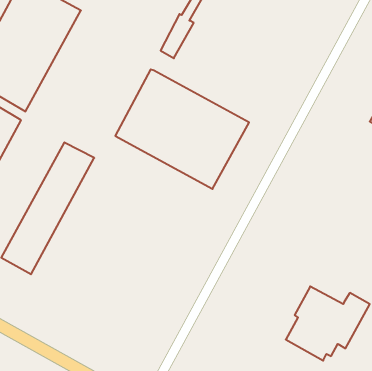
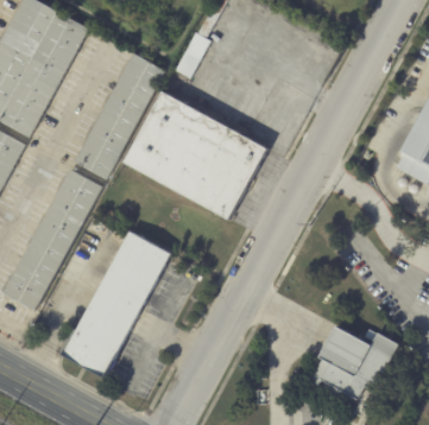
building: none -> [74,53,165,179]
building: none -> [63,229,174,375]

